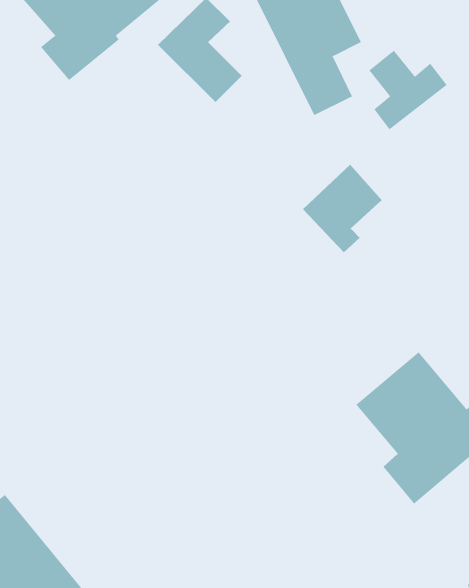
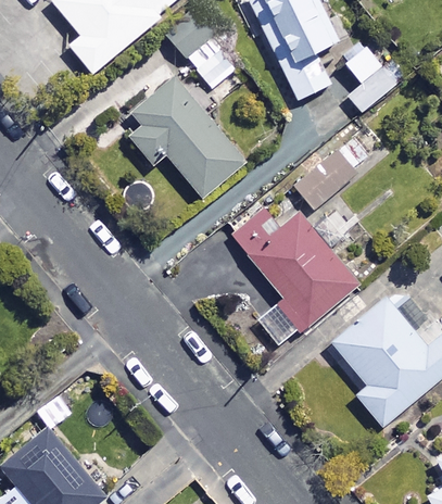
building: none -> [128,77,243,199]
building: none -> [233,207,358,329]

